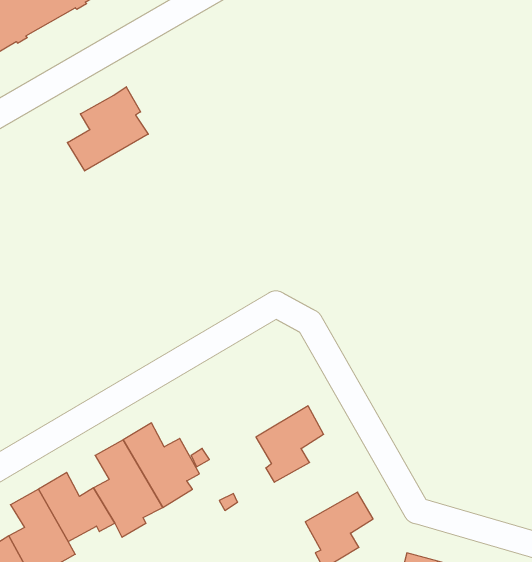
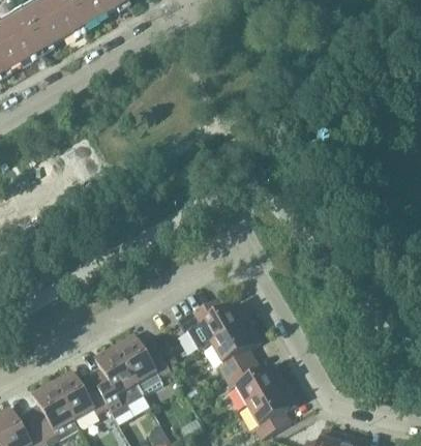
building: [67,87,148,171] -> none
building: none -> [176,301,247,351]
building: none -> [222,363,283,407]

